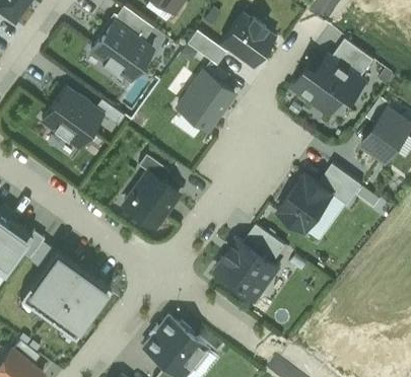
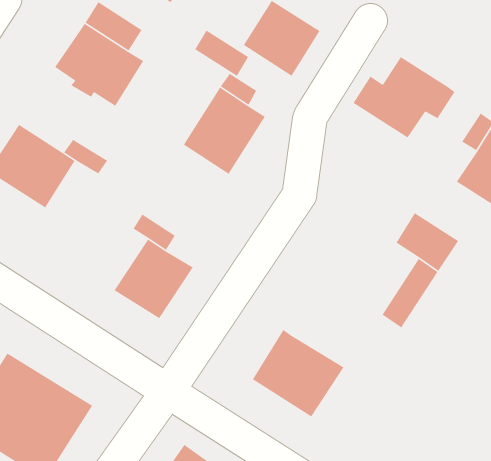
building: [333,41,375,80] -> none
building: [279,175,335,234] -> none
building: [245,226,287,265] -> none

